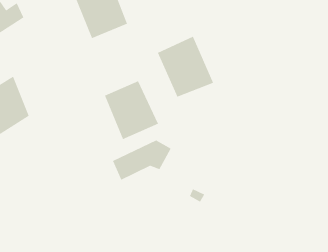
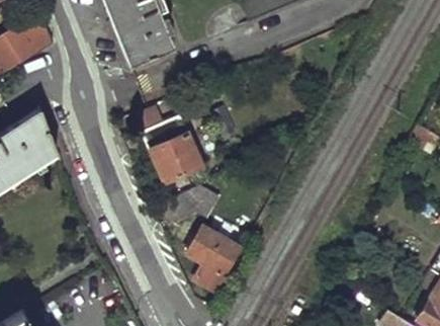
building: [157,36,214,97] -> none
building: none -> [187,230,238,290]

